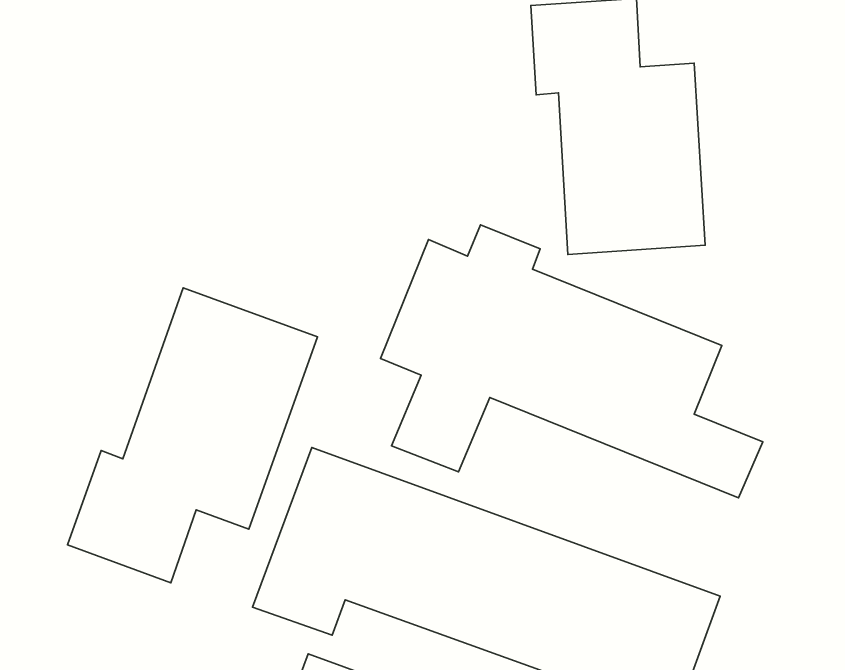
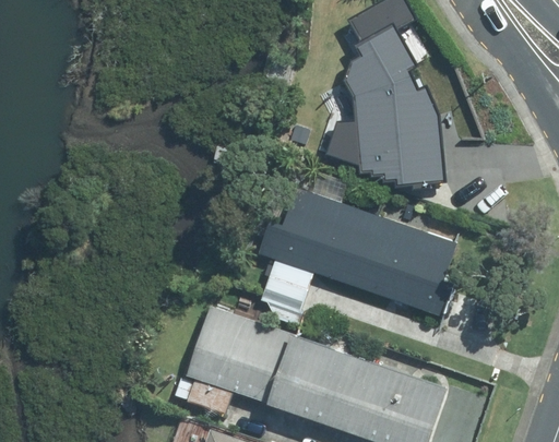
building: [68,288,317,583] -> none

